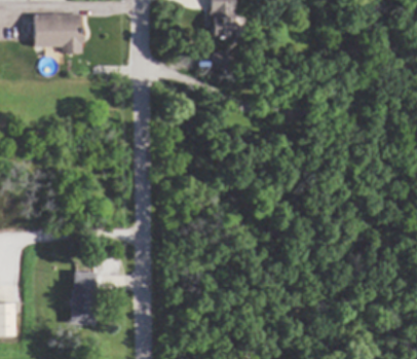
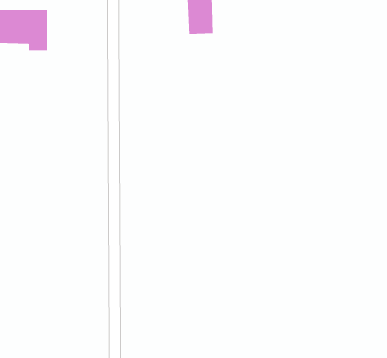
building: [71,272,94,324] -> none

